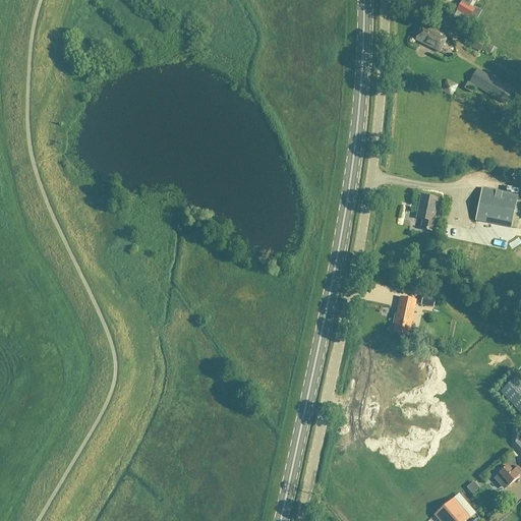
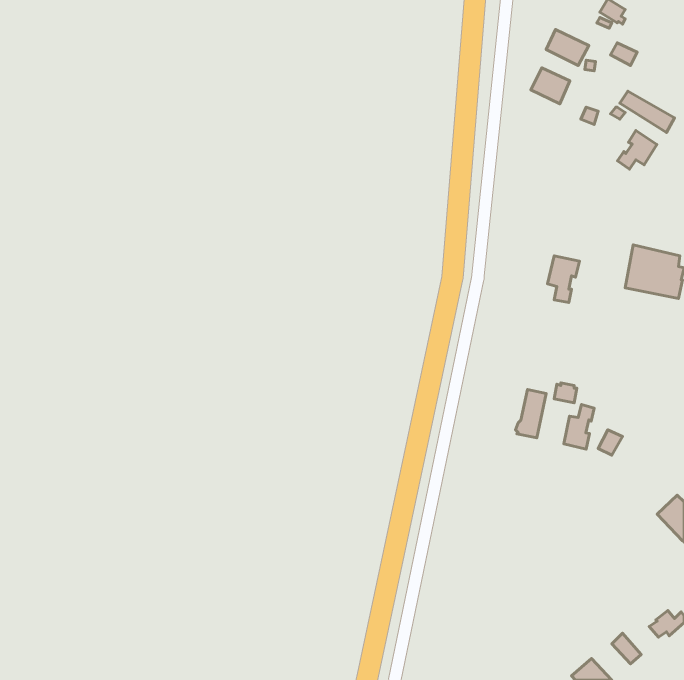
building: none -> [531,68,570,104]
building: none -> [618,131,657,169]
building: none -> [564,405,594,449]

